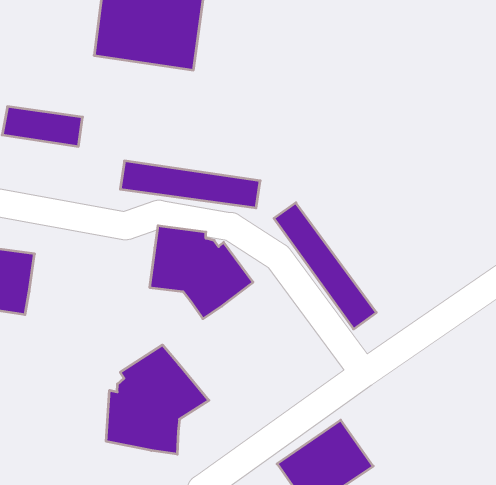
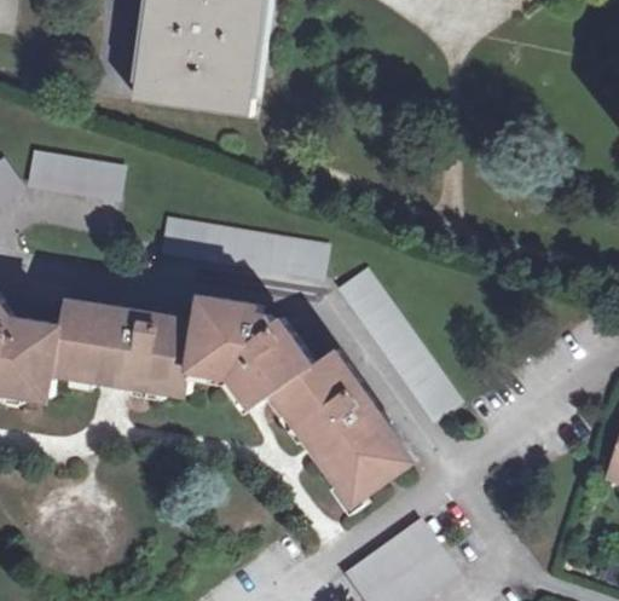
building: none -> [54,302,199,392]
building: none -> [277,347,413,501]
building: [106,345,209,454] -> none

